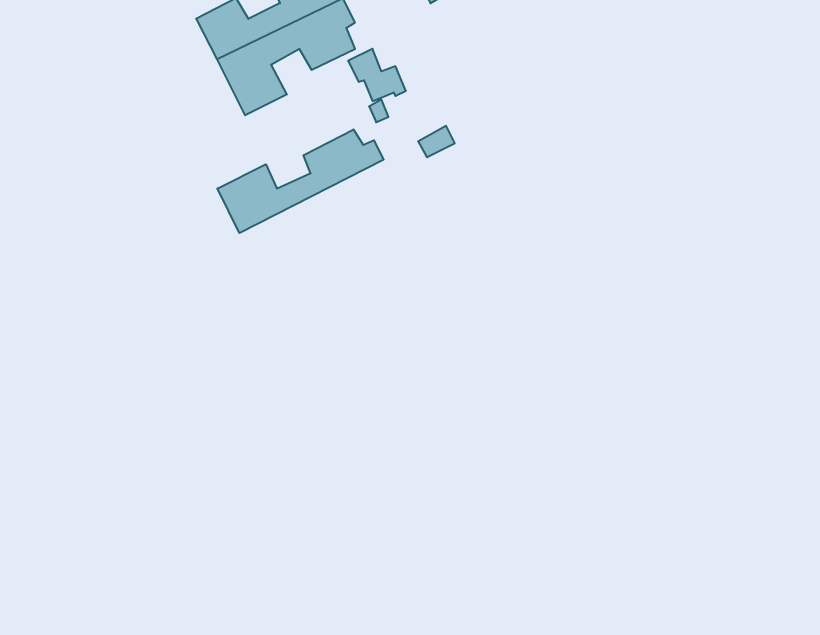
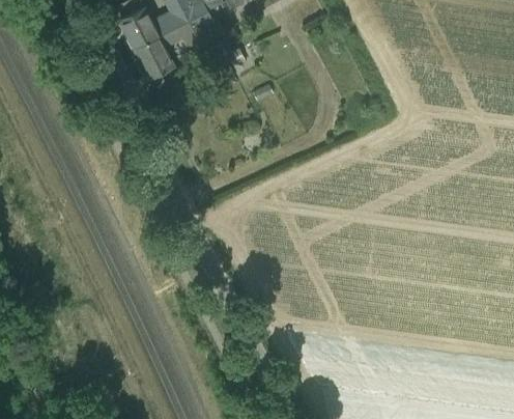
building: [217,129,384,233] -> none

